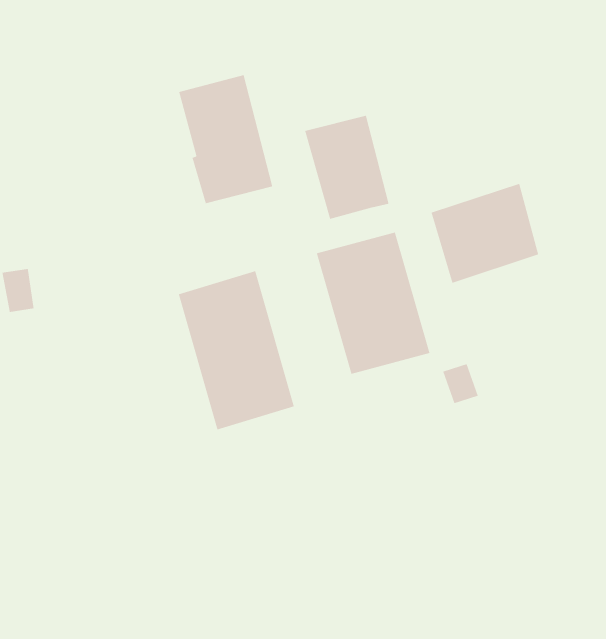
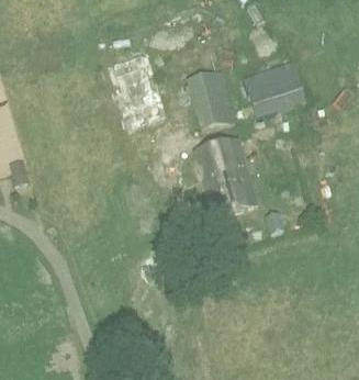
building: [431,183,539,284] -> [243,60,304,118]
building: [178,270,295,431] -> none

